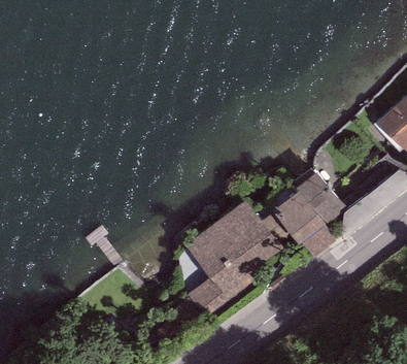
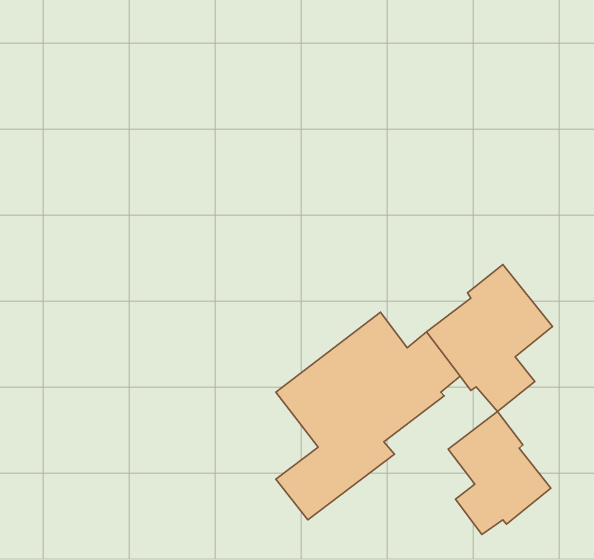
building: none -> [448,412,551,534]

